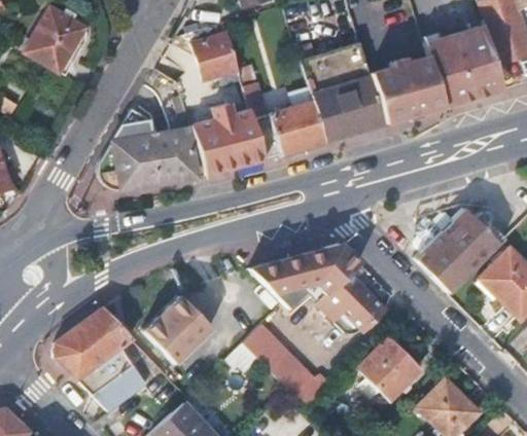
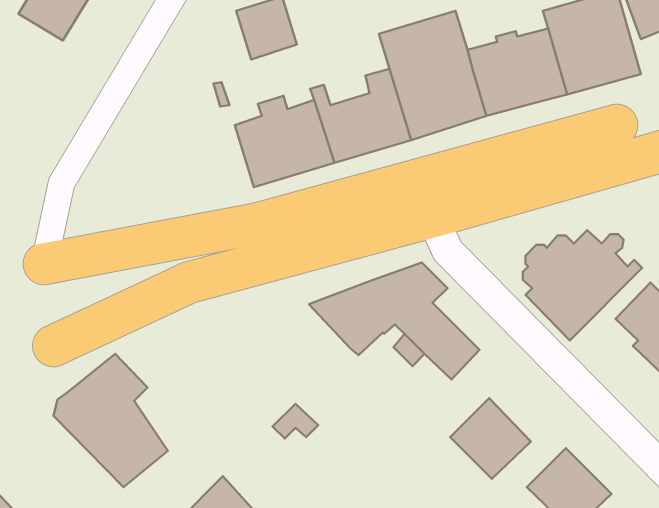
building: [100,111,197,192] -> none
building: [142,283,222,361] -> none
building: [243,324,323,400] -> none

